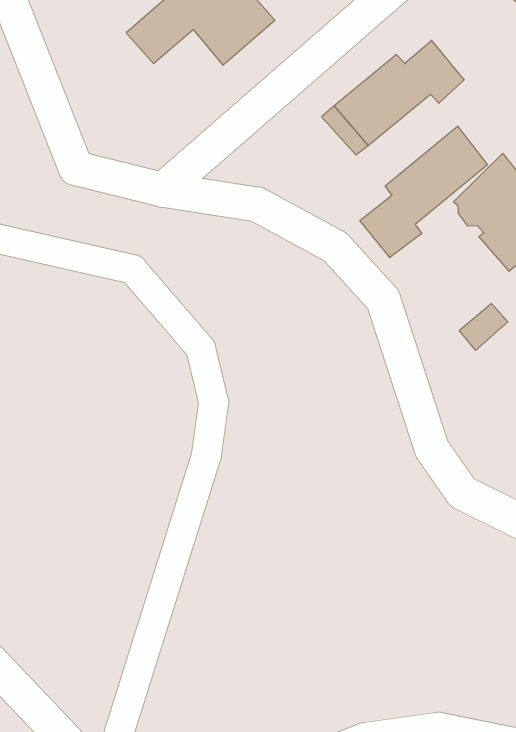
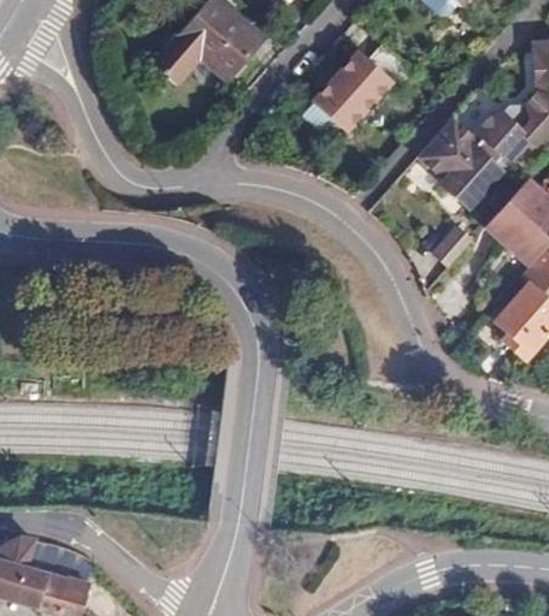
building: [360,126,487,258] -> none

